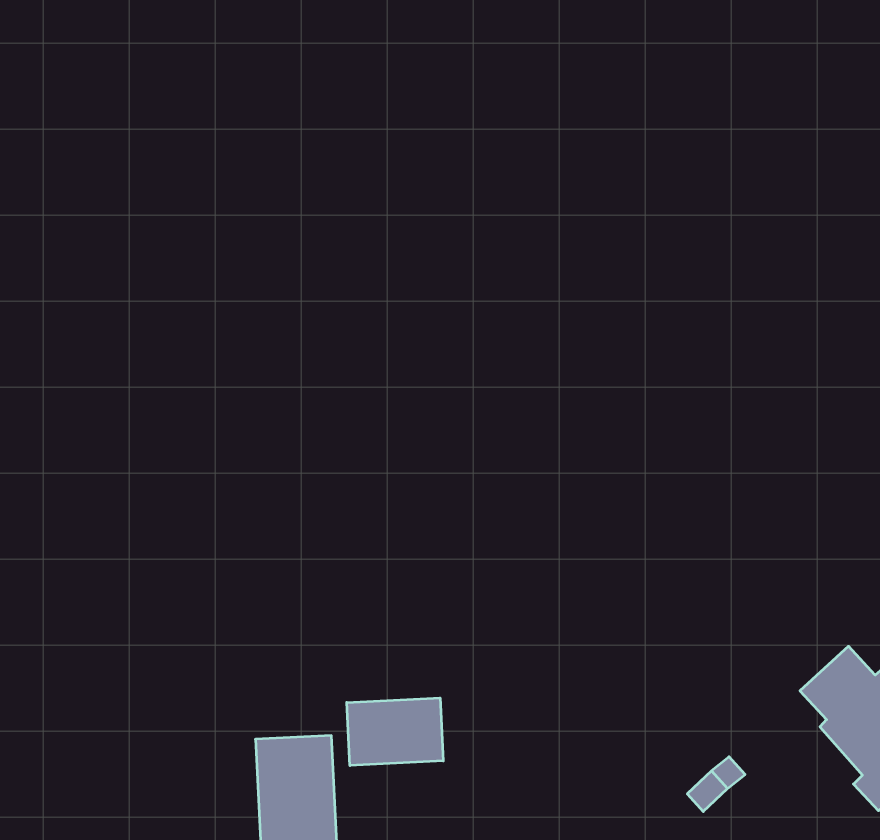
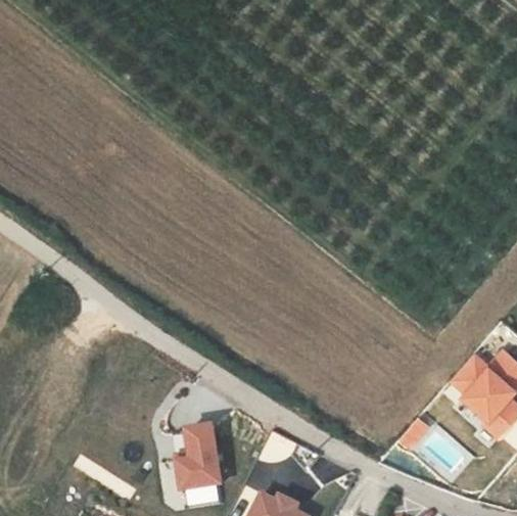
building: [347,698,443,766] -> none

